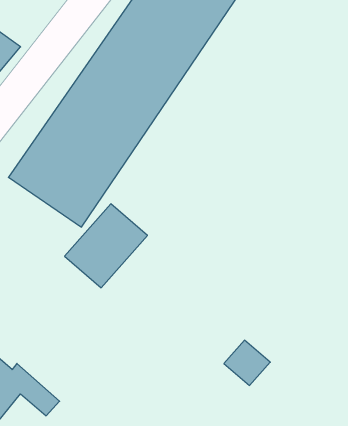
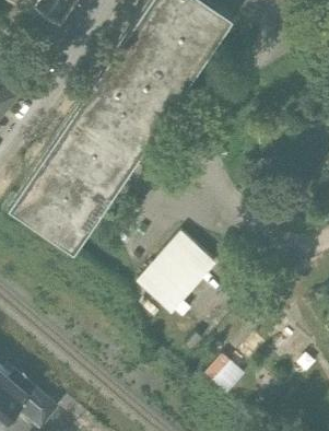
building: [65,204,147,288] -> [142,234,216,310]

